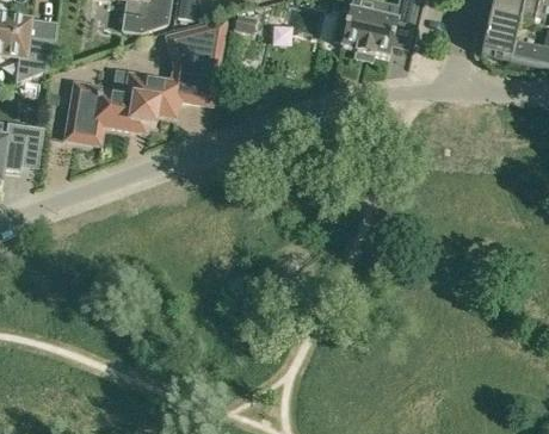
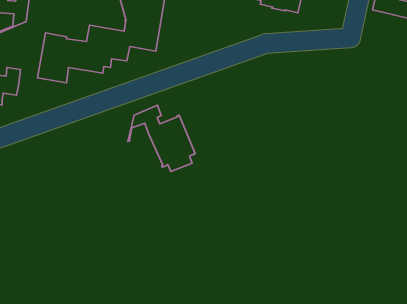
building: none -> [128,105,195,171]

